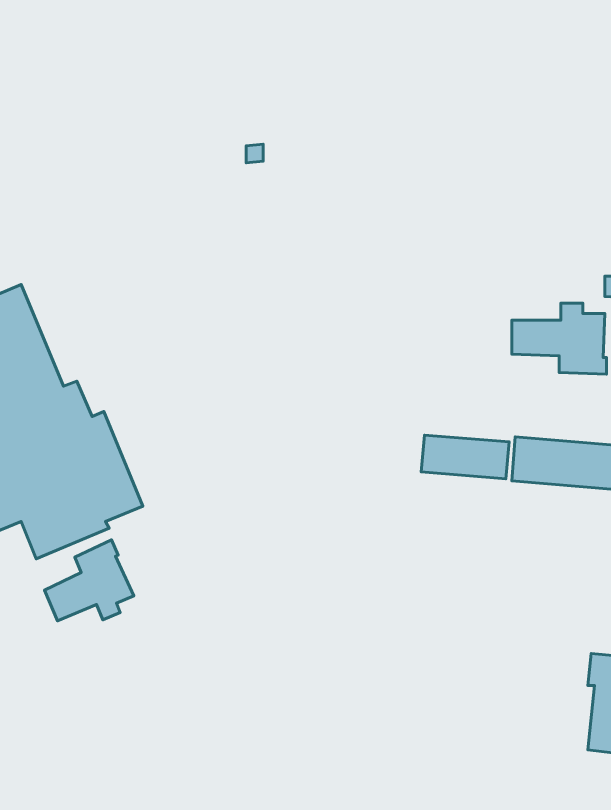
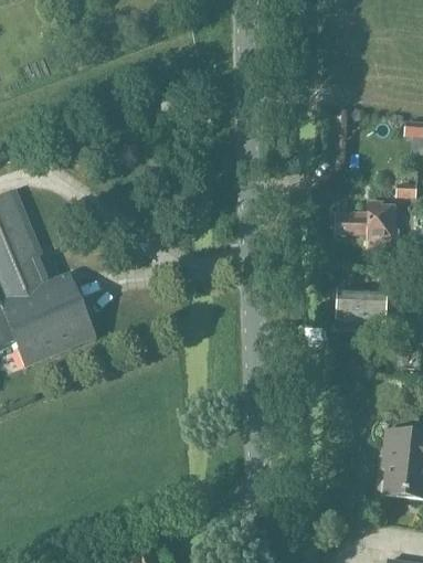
building: [421,435,509,479] -> none
building: [44,540,134,621] -> none

